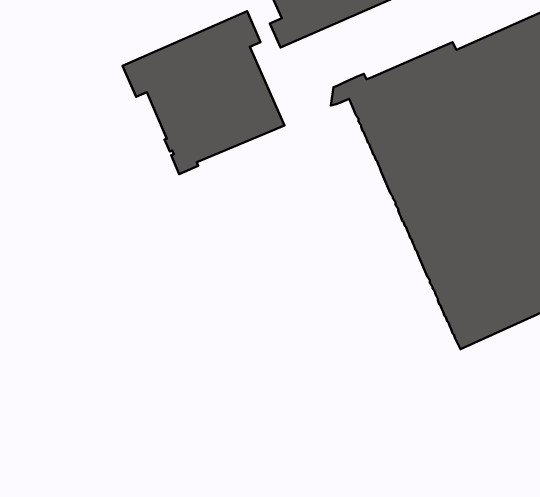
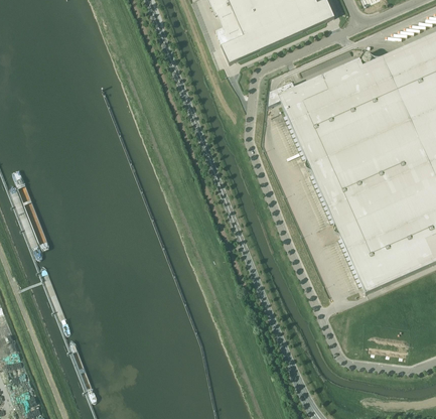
building: [123,11,285,174] -> none

